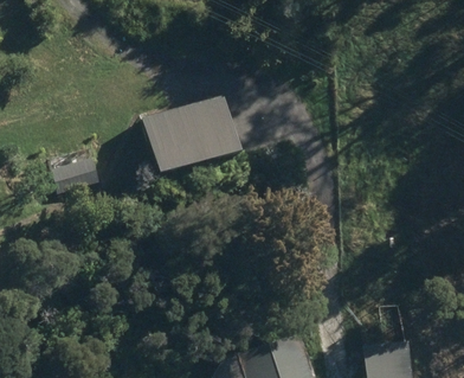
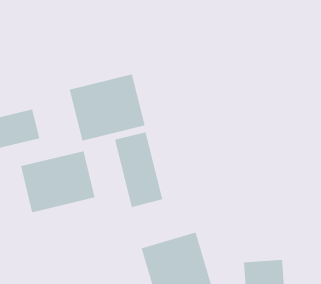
building: none -> [115,132,163,208]
building: none -> [20,150,95,213]

